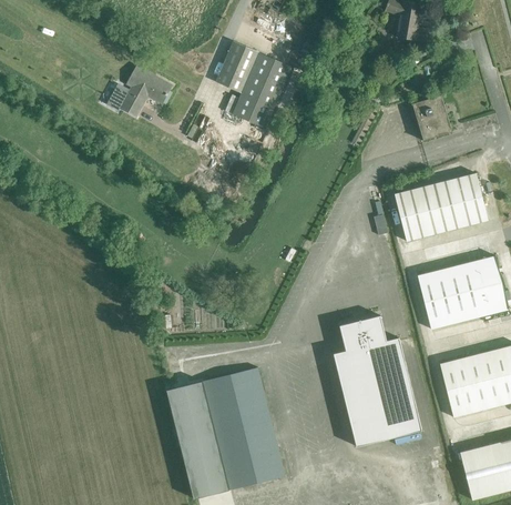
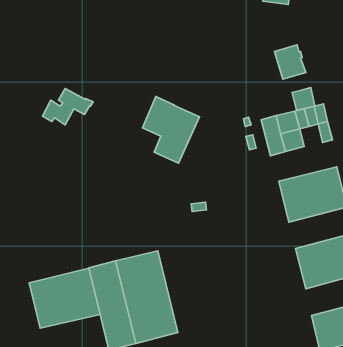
building: [216,41,292,129] -> [142,97,200,163]
building: [106,68,173,115] -> [43,89,93,125]
building: [444,200,474,230] -> [292,88,315,110]
building: [333,315,421,446] -> none
building: none -> [29,268,100,328]

